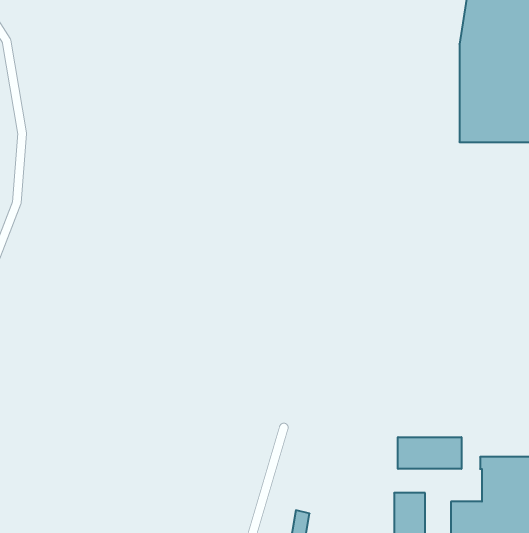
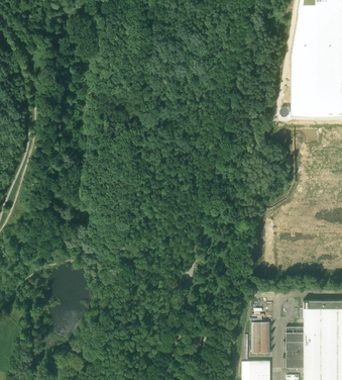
building: [398,437,461,469] -> none

